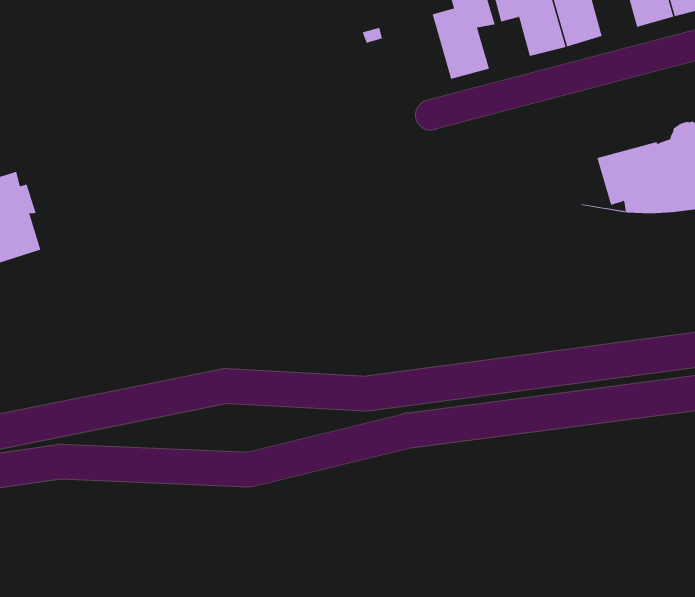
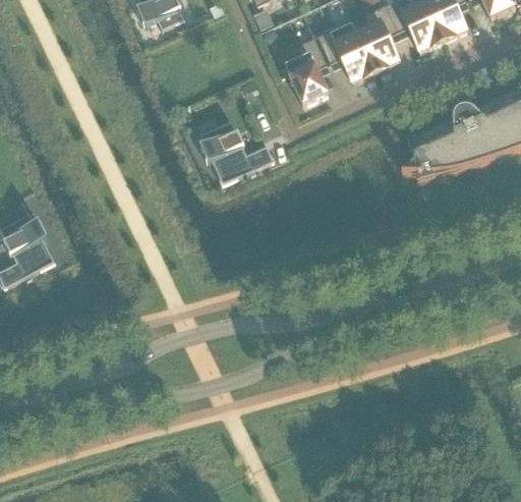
building: none -> [199,118,273,182]

